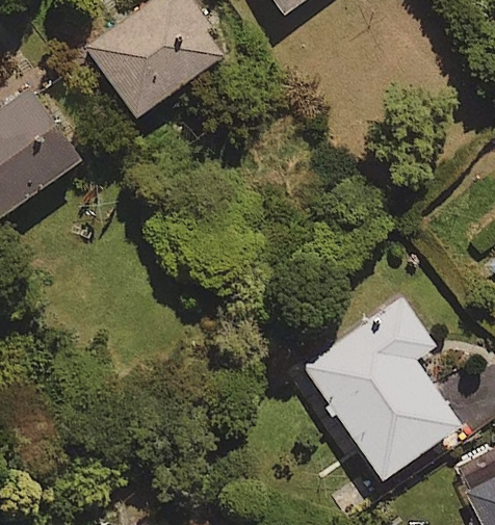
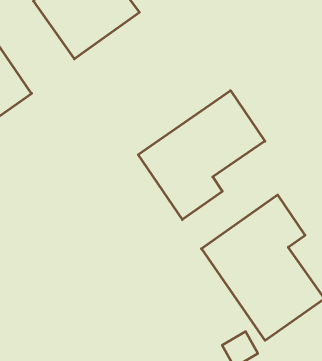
building: none -> [138,91,265,220]

